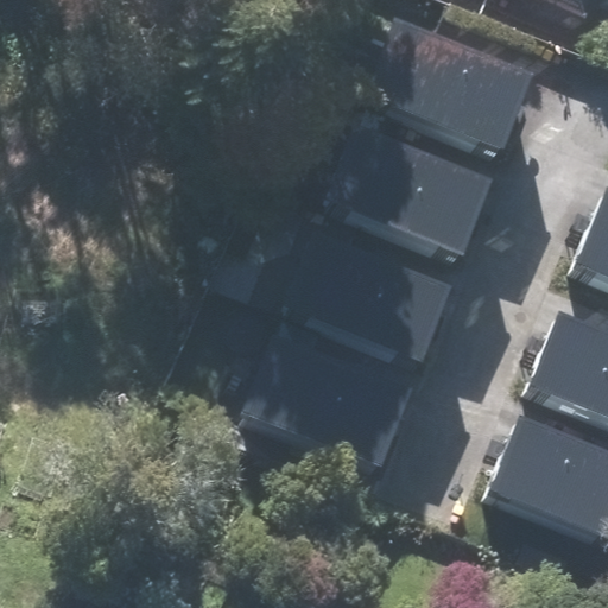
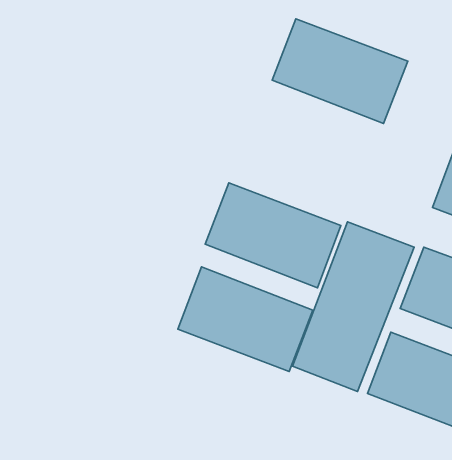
building: [328,128,499,259] -> none
building: none -> [293,222,414,391]

